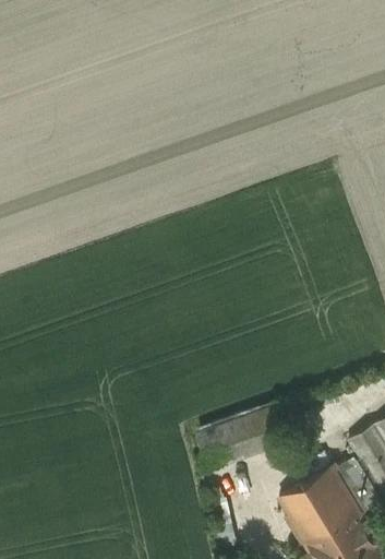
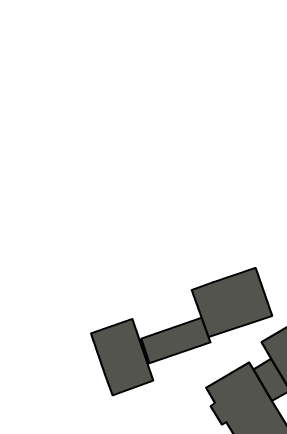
building: none -> [192,268,272,337]
building: none -> [91,319,153,395]

